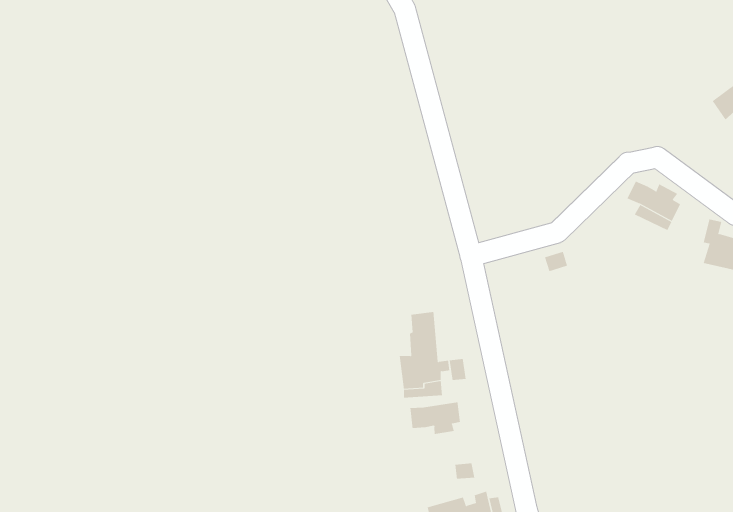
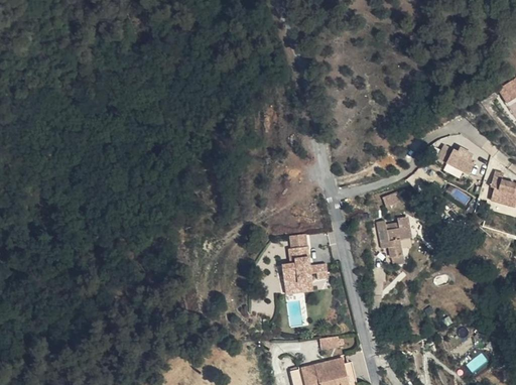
building: none -> [378,220,418,268]
building: [410,401,460,435] -> none

